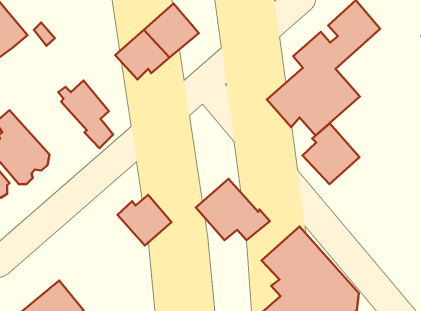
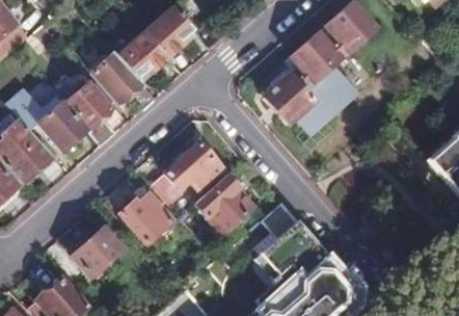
building: none -> [92,53,156,110]
building: none -> [11,100,82,149]
building: [302,123,360,184] -> none
building: none -> [151,143,222,206]
building: none -> [70,228,120,276]

